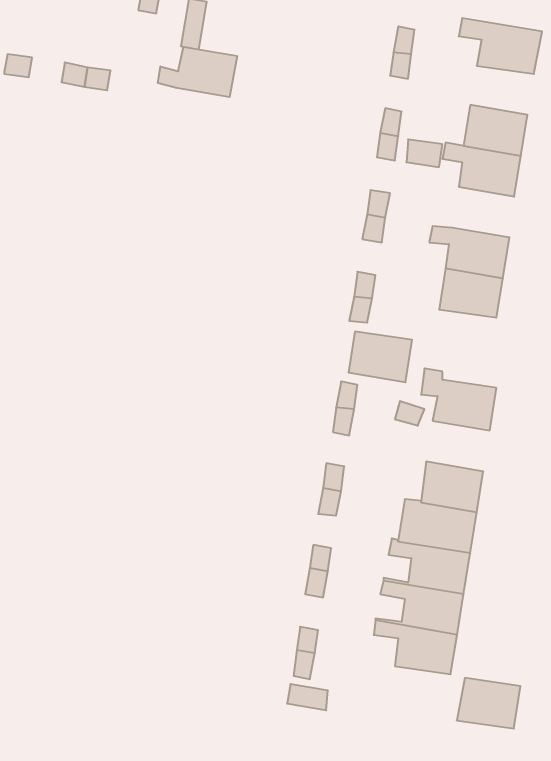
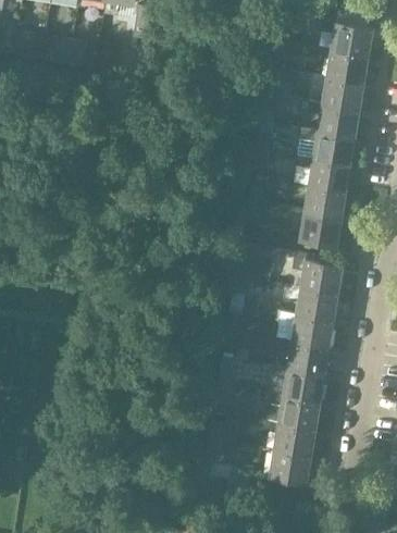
building: [158,47,237,97] -> none
building: none -> [325,49,368,82]
building: none -> [300,127,355,163]
building: [348,332,412,382] -> [300,211,343,245]
building: none -> [296,285,338,319]
building: [457,678,520,729] -> [270,448,312,482]

